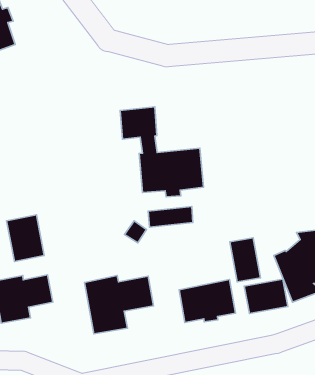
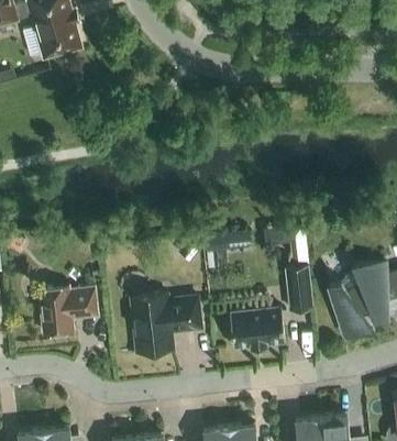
building: [120,107,203,197] -> none
building: [7,215,44,262] -> none
building: [244,279,288,313] -> none

